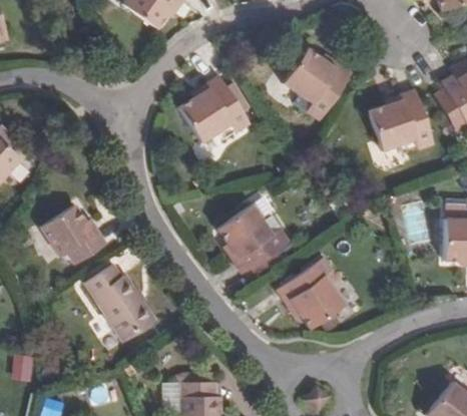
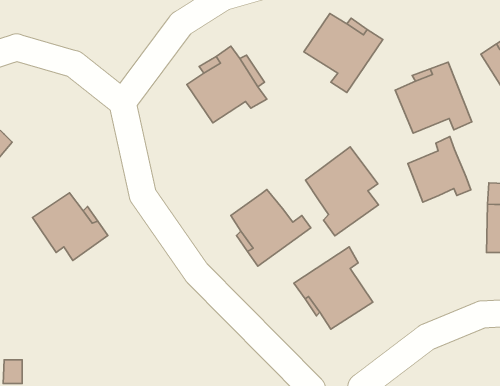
building: none -> [408,136,471,202]
building: none -> [306,147,379,236]
building: [88,266,158,343] -> none

